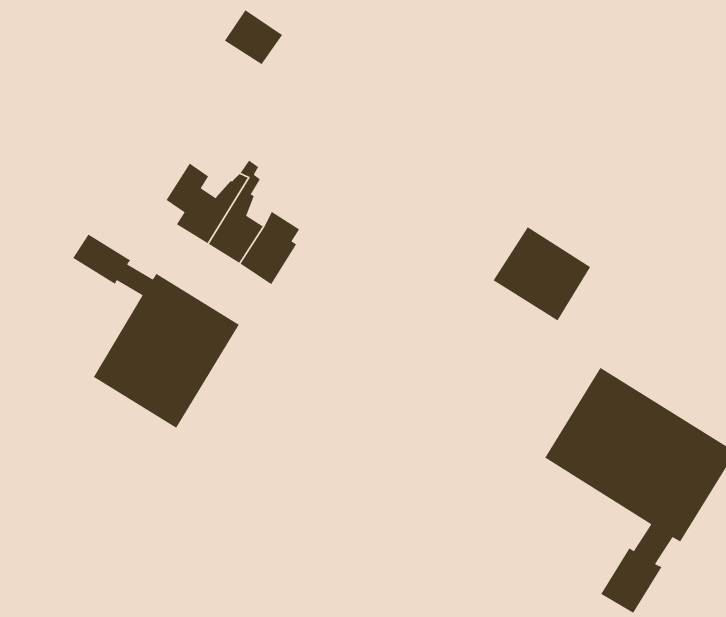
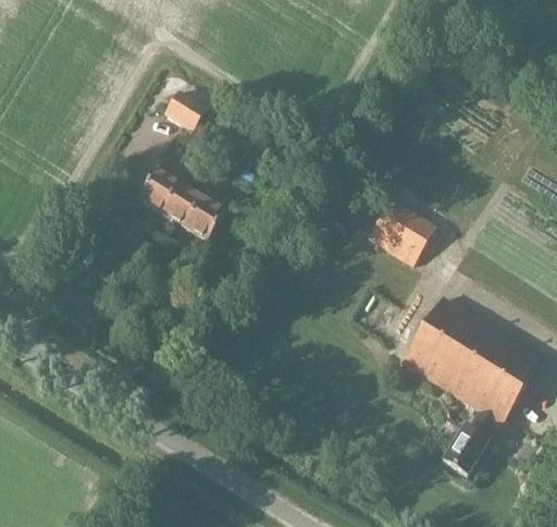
building: [224,9,283,65] -> [164,91,207,132]
building: [72,234,240,429] -> none

